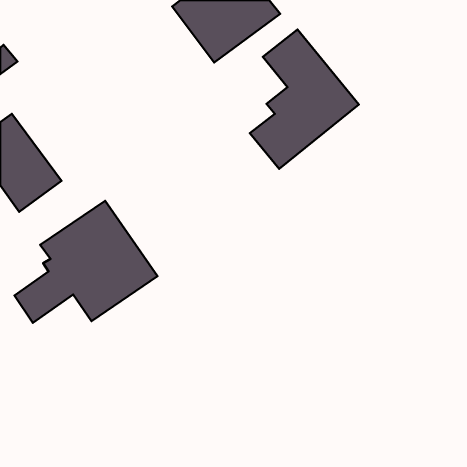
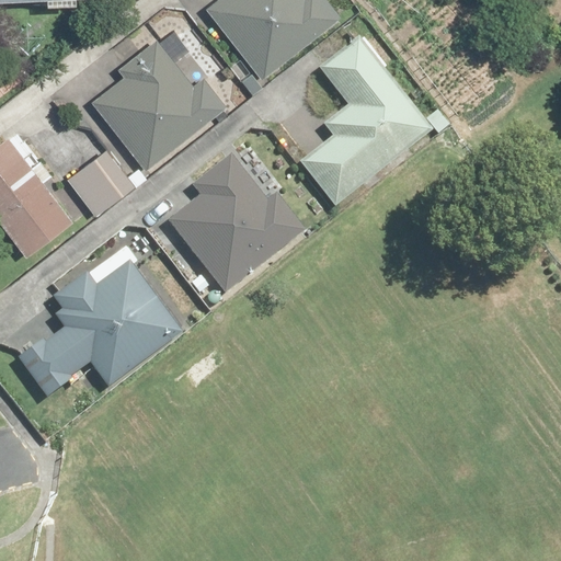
building: none -> [91,38,225,170]
building: none -> [66,146,135,214]
building: none -> [167,148,308,296]

